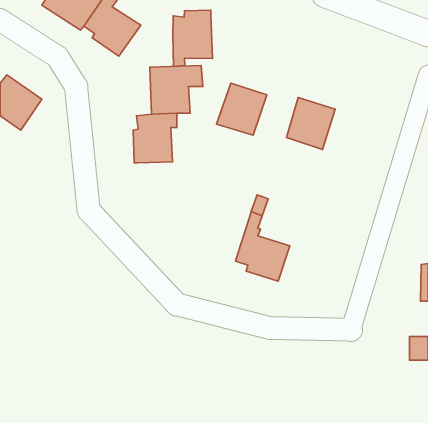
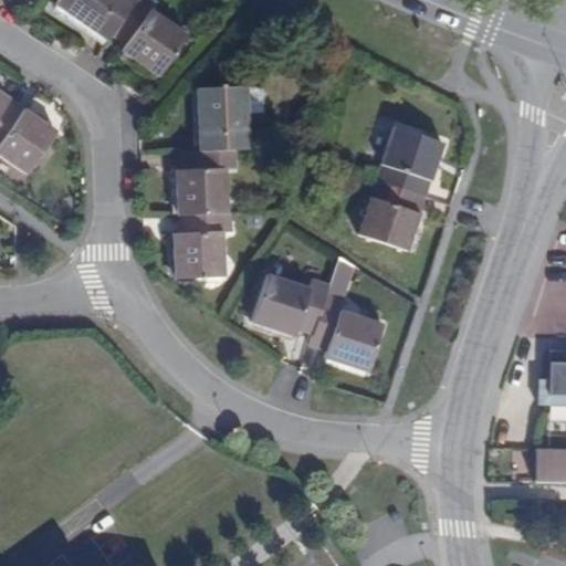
building: [173,10,212,66] -> none
building: [216,83,267,135] -> [359,181,426,250]
building: none -> [174,213,232,277]
building: none -> [251,276,329,334]

